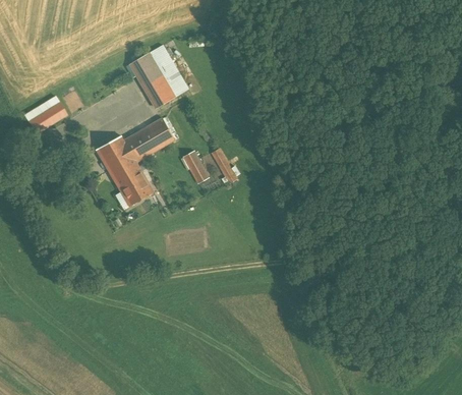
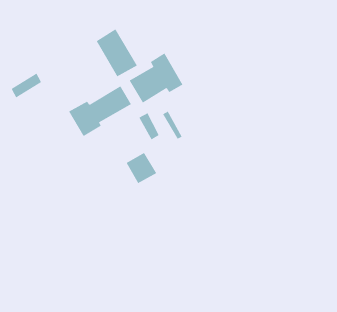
building: none -> [129,53,183,104]
building: [115,166,153,205] -> [126,152,157,184]

